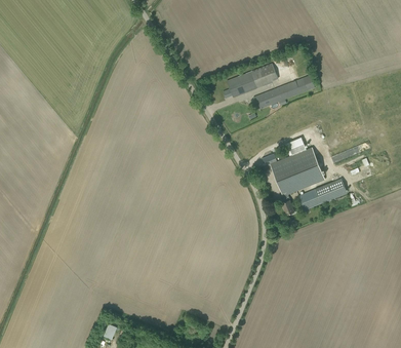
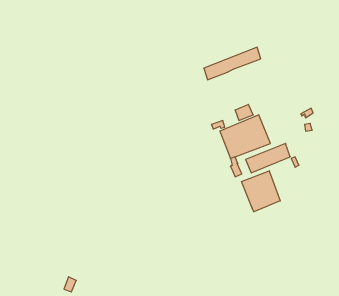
building: [227,63,278,98] -> none
building: none -> [242,171,280,212]

